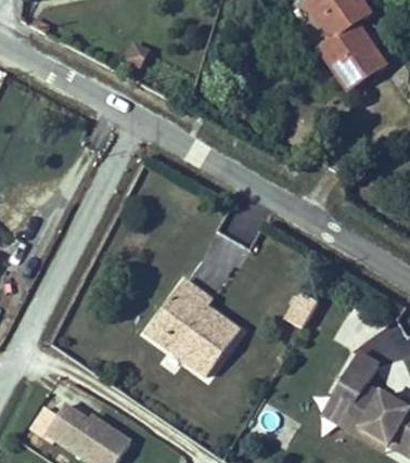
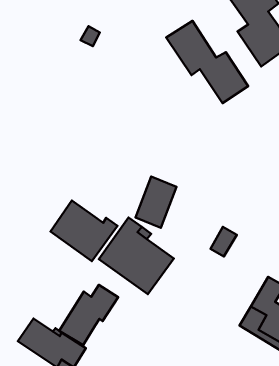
building: none -> [166,21,248,103]
building: none -> [50,201,117,261]
building: none -> [59,285,118,345]

